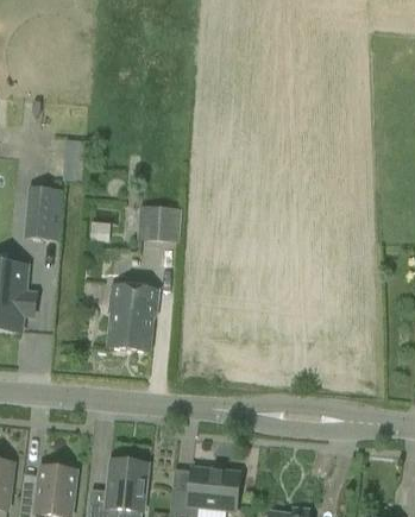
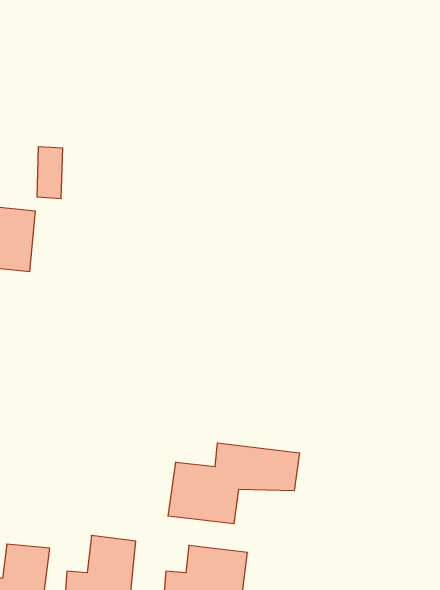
building: [137,204,182,241] -> none
building: [107,282,158,349] -> none
building: none -> [168,443,300,524]

